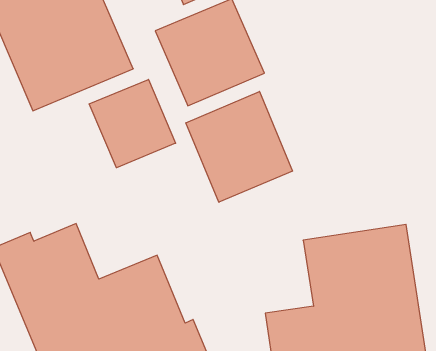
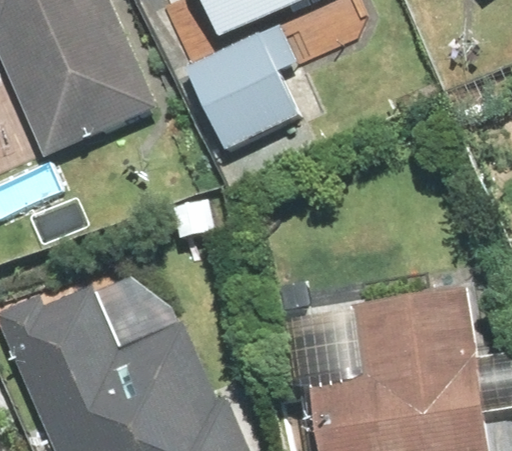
building: [89,79,176,168] -> none
building: [186,91,293,202] -> none

